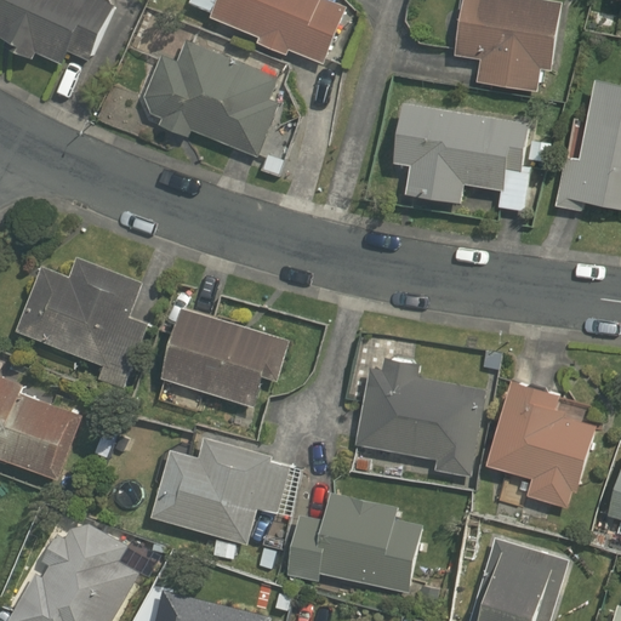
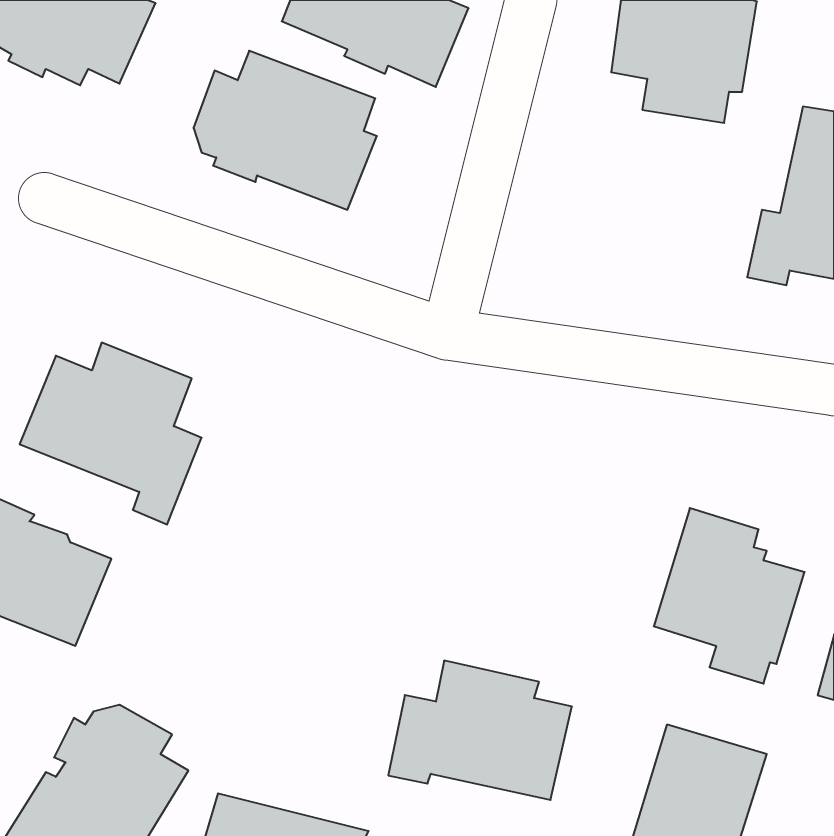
building: [392,102,546,213] -> none
building: [160,307,289,404] -> none
building: [353,358,486,477] -> none
building: [152,435,302,542] -> none

